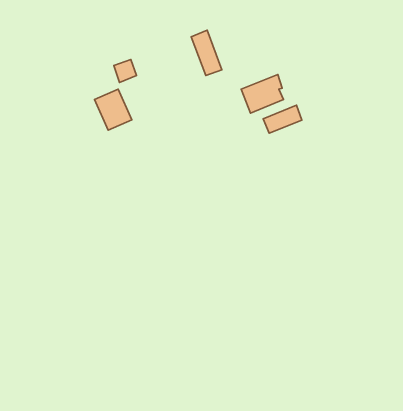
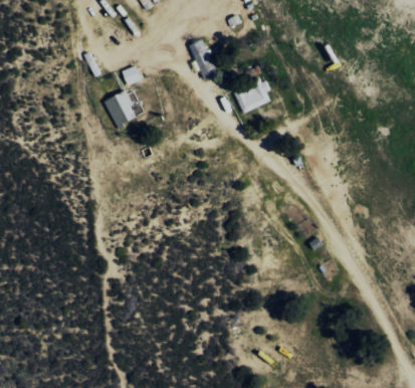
building: [263,105,302,133] -> none

